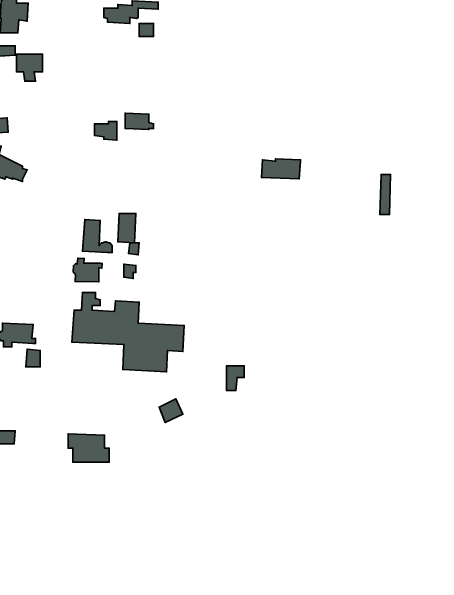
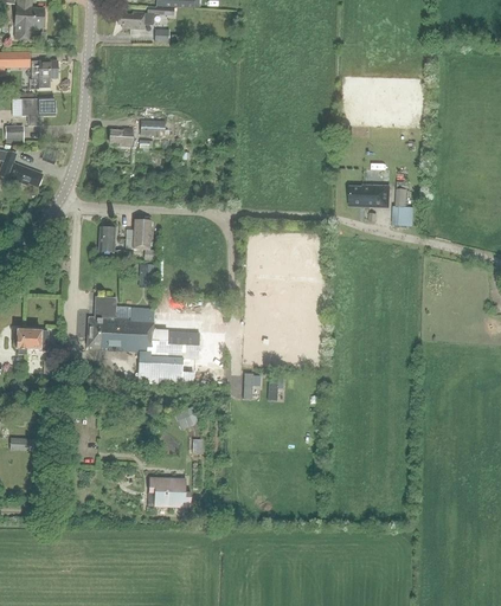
building: none -> [21,96,56,124]
building: [261,159,300,179] -> [349,185,388,205]
building: [73,258,102,282] -> none
building: [68,434,109,462] -> [148,477,190,505]

